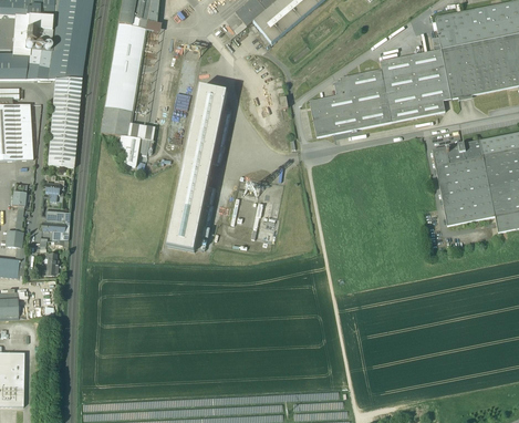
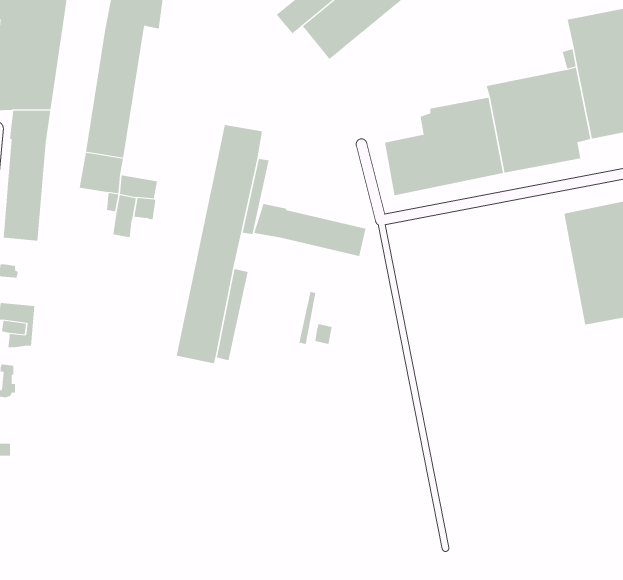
building: none -> [253,203,366,257]

